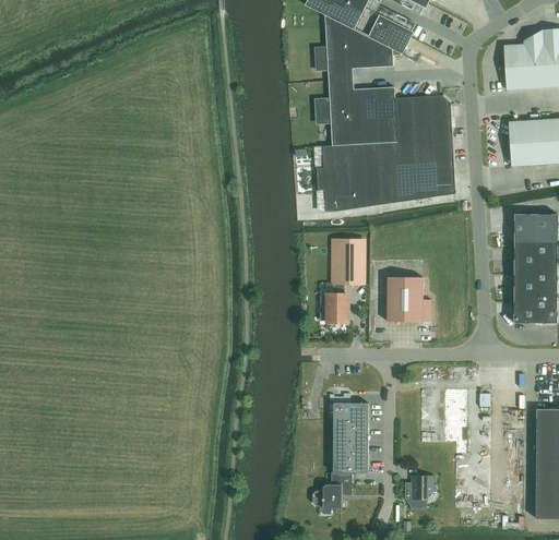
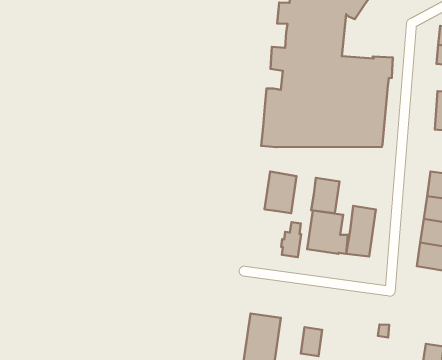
building: none -> [311,178,339,213]
building: none -> [346,206,376,256]
building: [326,283,347,321] -> [281,222,301,257]
building: none -> [301,327,322,356]

